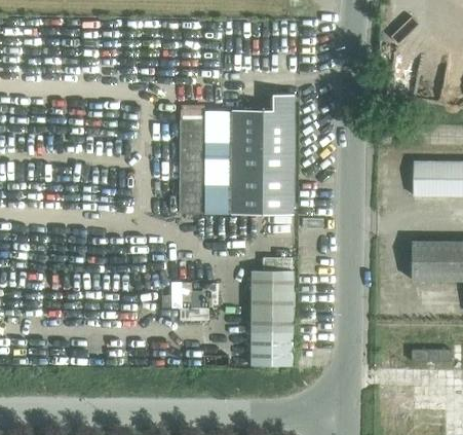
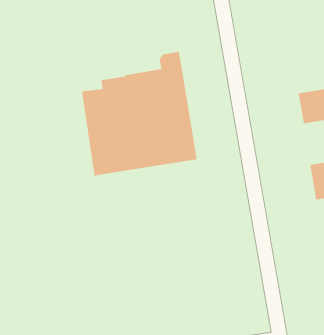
building: [250,270,294,366] -> none

